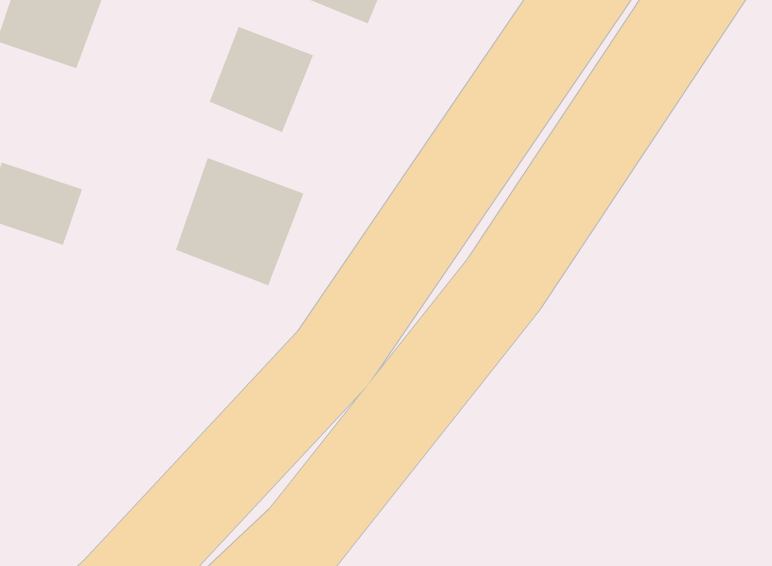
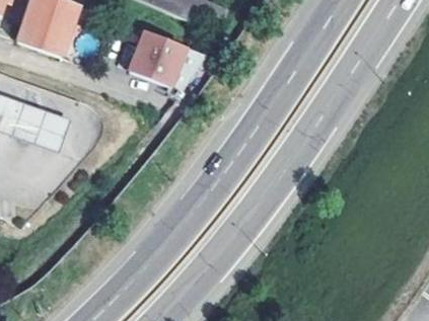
building: [175,157,304,286] -> none

